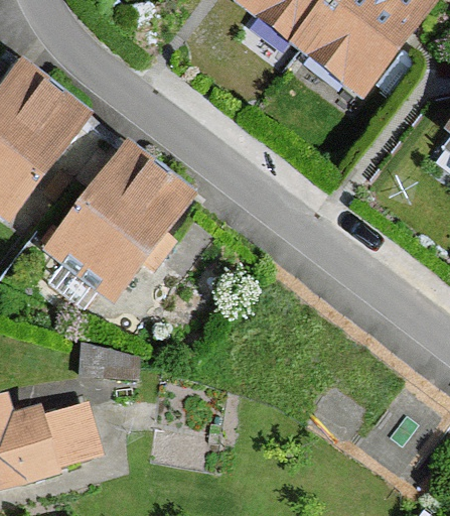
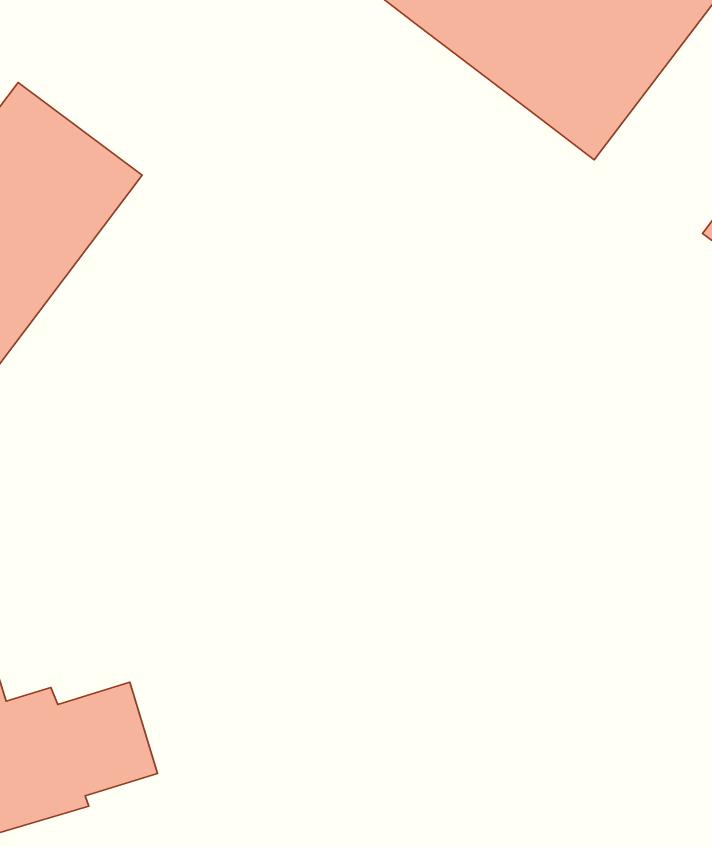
building: [39,133,200,304] -> none

